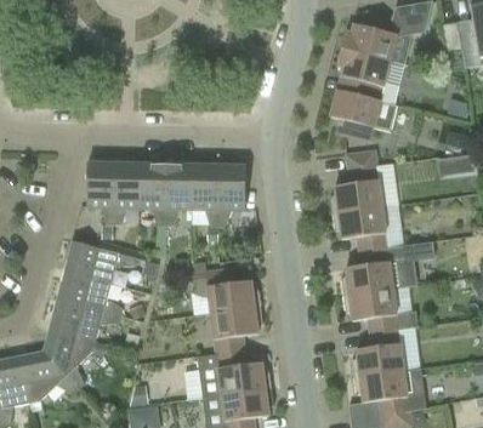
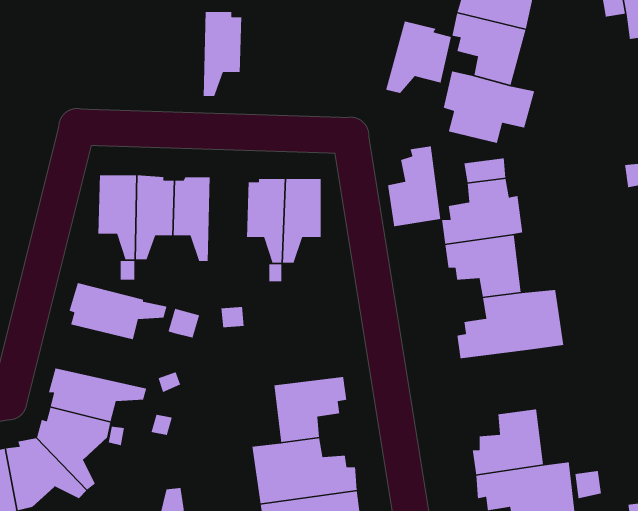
building: none -> [385,21,452,94]
building: none -> [387,146,441,227]
building: [165,164,193,224] -> [203,11,242,97]
building: [193,267,261,312] -> none
building: [56,269,123,314] -> none
building: [343,287,417,332] -> none

